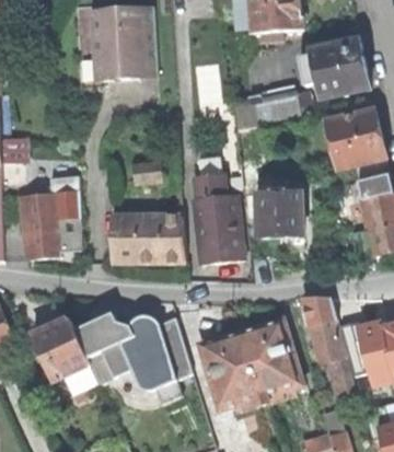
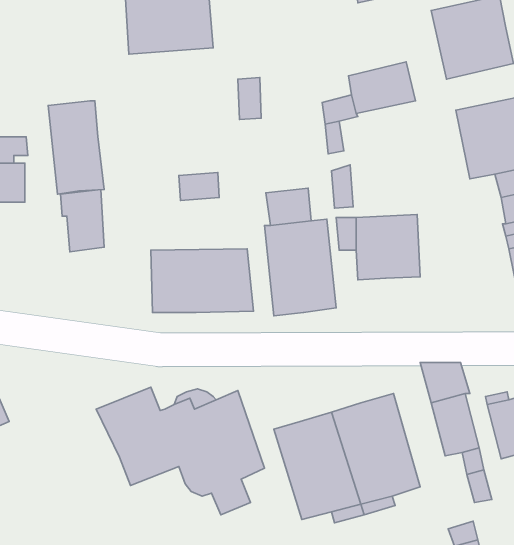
building: [20,194,59,259] -> [48,101,104,194]
building: [31,317,90,380] -> none

